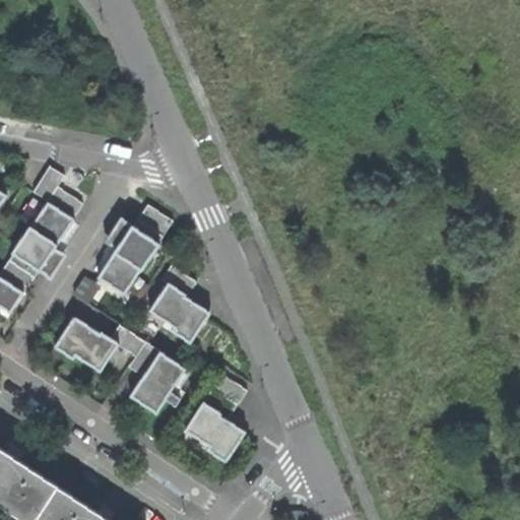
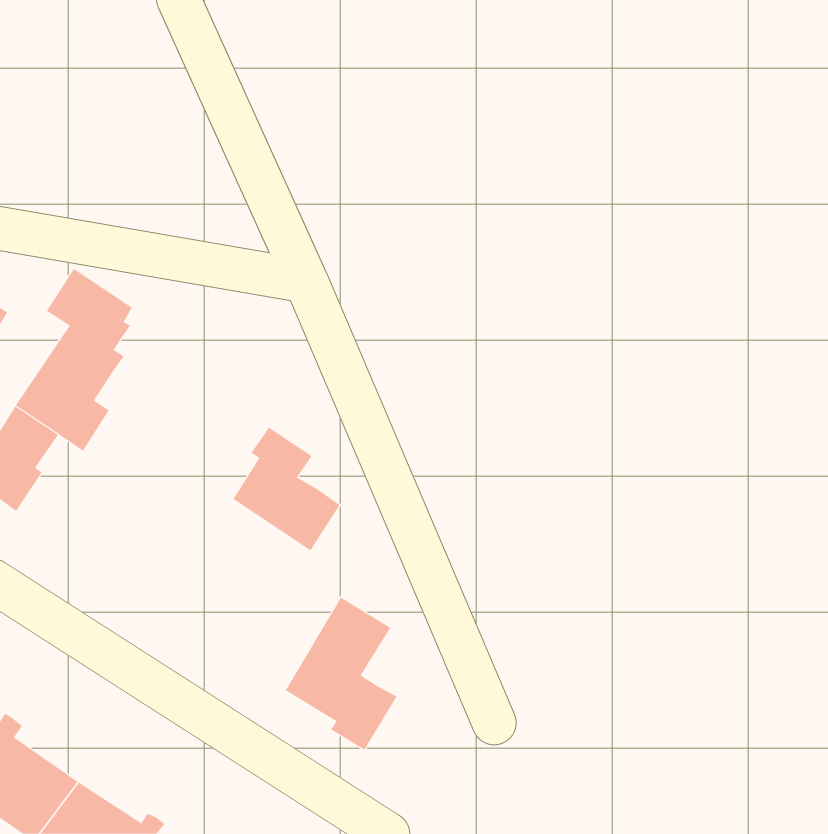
building: [92,205,171,297] -> none
building: [53,314,186,416] -> none

